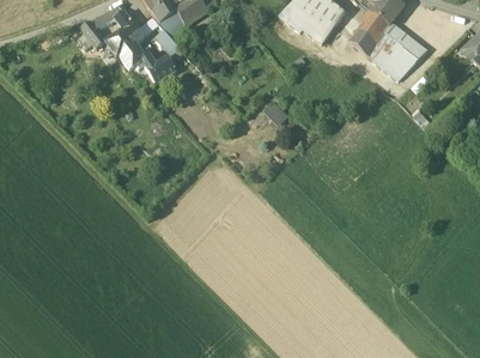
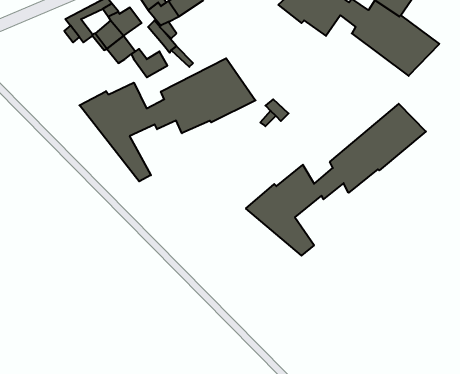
building: none -> [79,58,256,181]
building: none -> [246,104,426,256]

